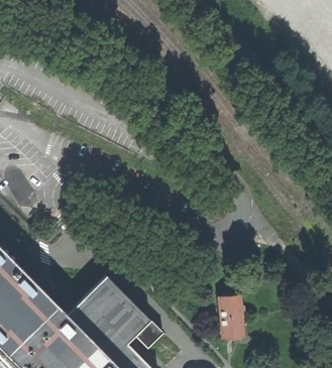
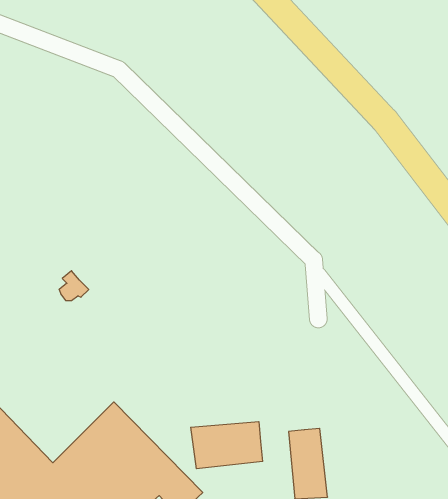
building: none -> [191,422,263,469]

